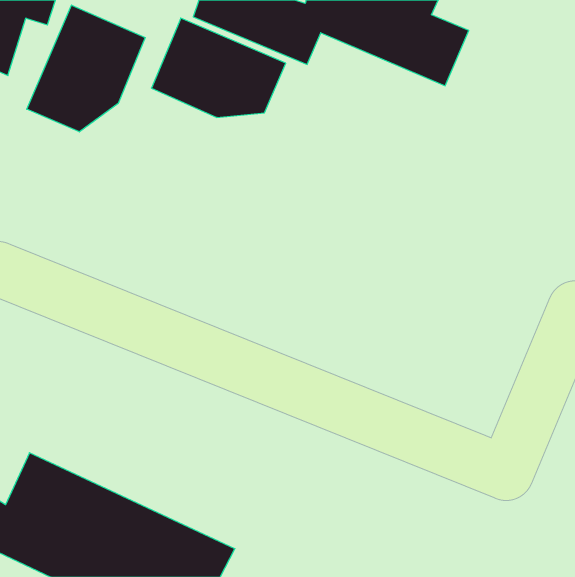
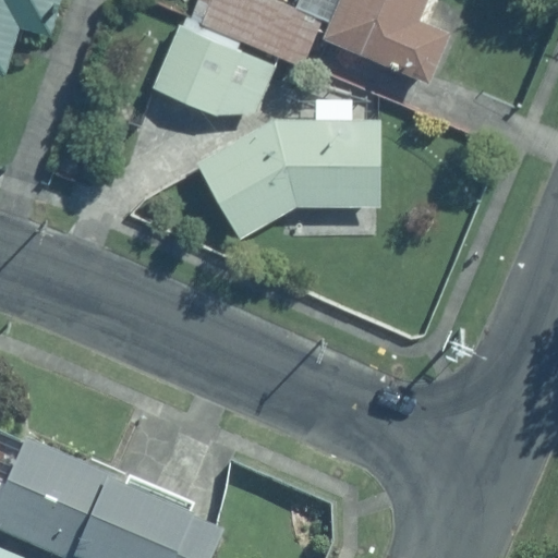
building: [27,5,145,132] -> none
building: none -> [194,95,384,238]

